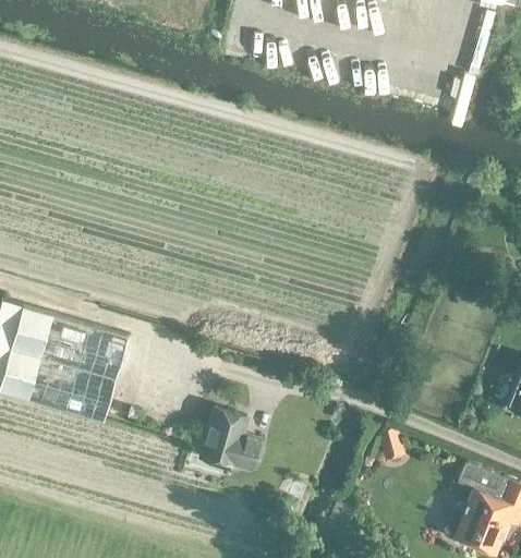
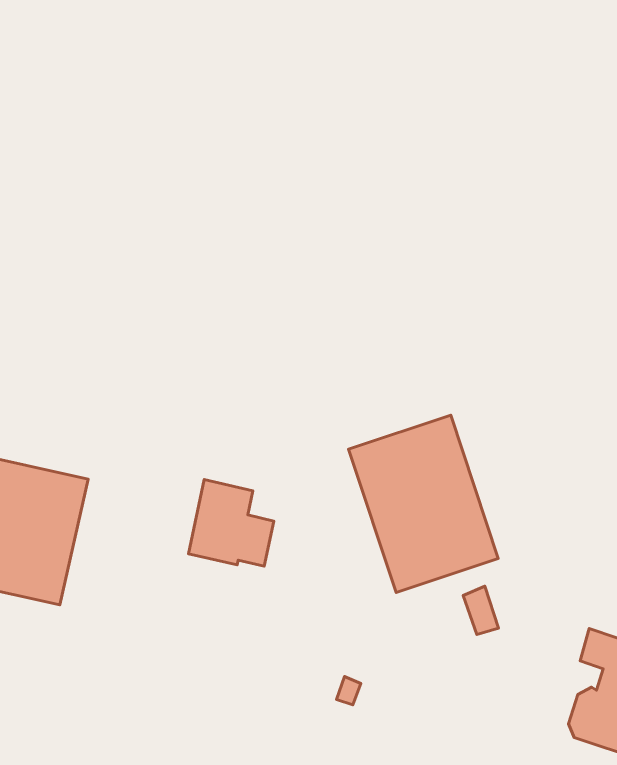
building: none -> [349,415,498,592]
building: [201,409,260,471] -> [189,480,274,566]

